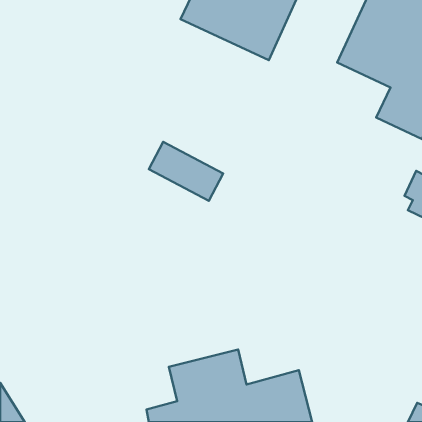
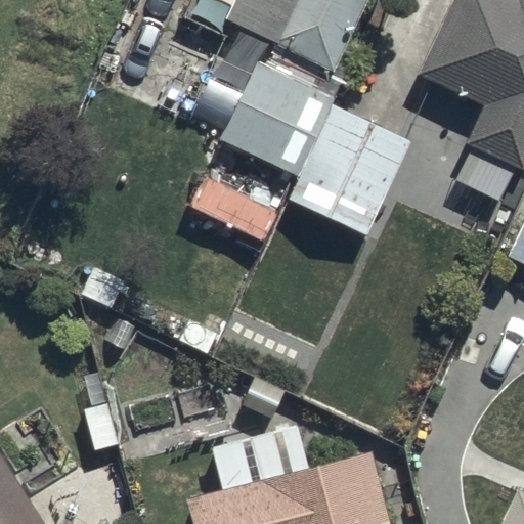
building: none -> [215,61,409,237]

